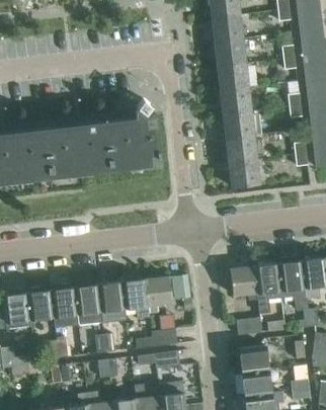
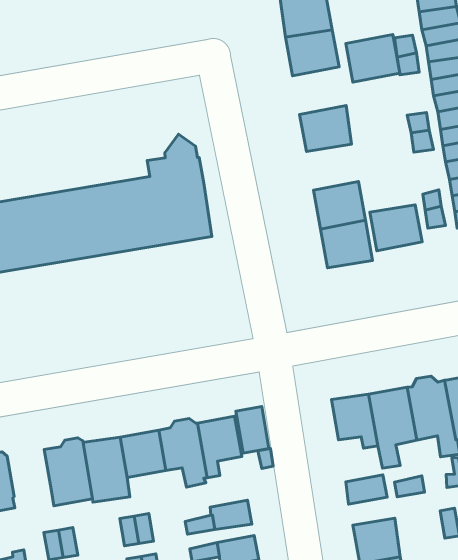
building: [217,62,249,90] -> [346,35,400,82]
building: [223,110,254,138] -> [370,205,422,251]
building: [26,286,53,318] -> none

